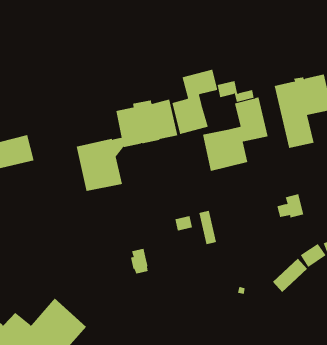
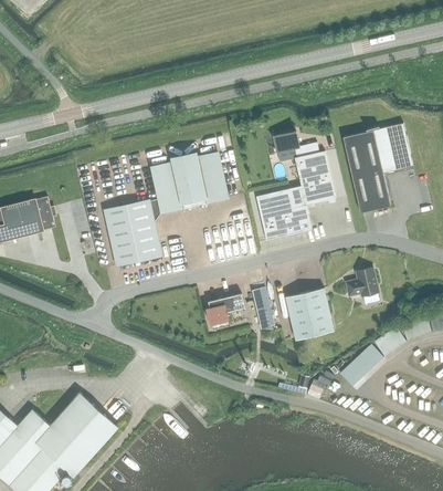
building: [172,69,218,135] -> none
building: none -> [285,288,334,339]
building: [130,248,149,274] -> [207,297,229,328]

